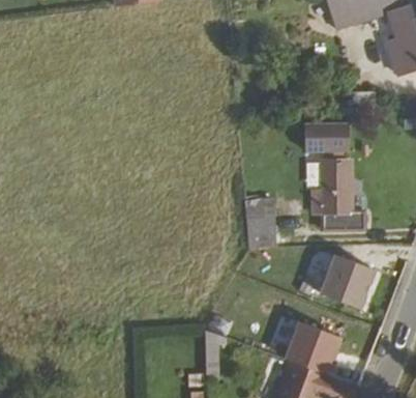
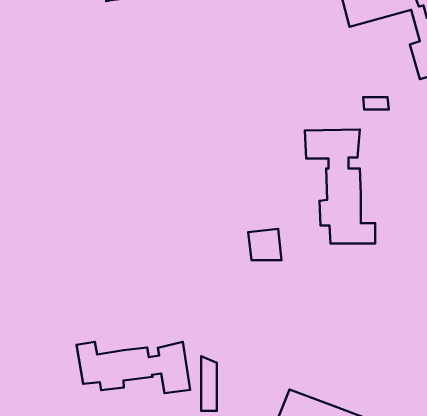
building: [319,255,374,309] -> none
building: none -> [77,342,190,393]
building: [280,325,338,379] -> none

